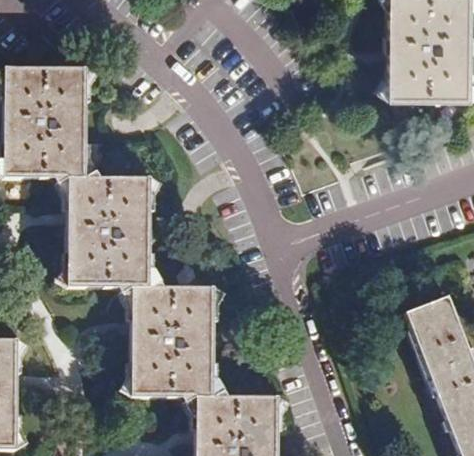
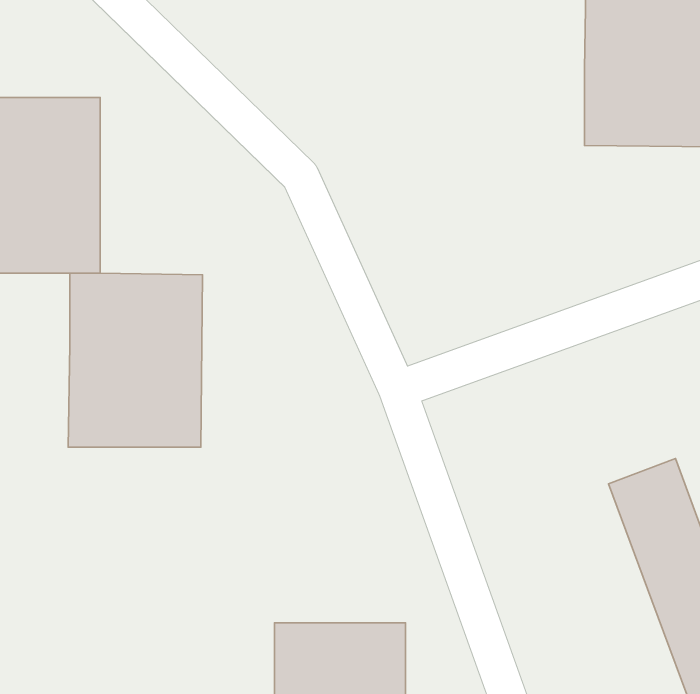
building: [132,287,214,397] -> none

